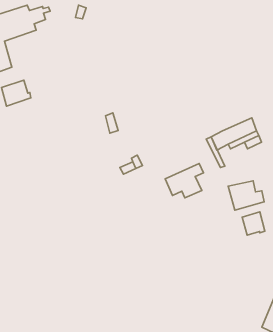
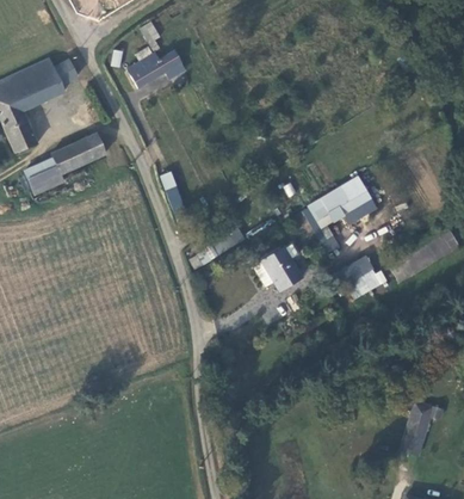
building: none -> [128,47,186,88]
building: none -> [49,133,104,173]
building: [242,212,265,235] -> none

